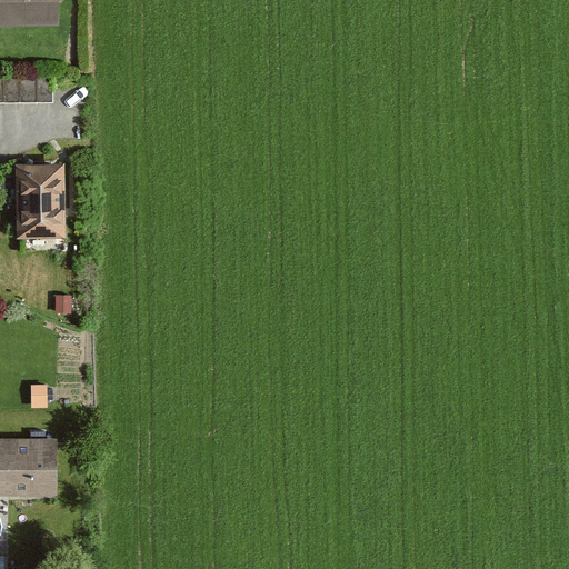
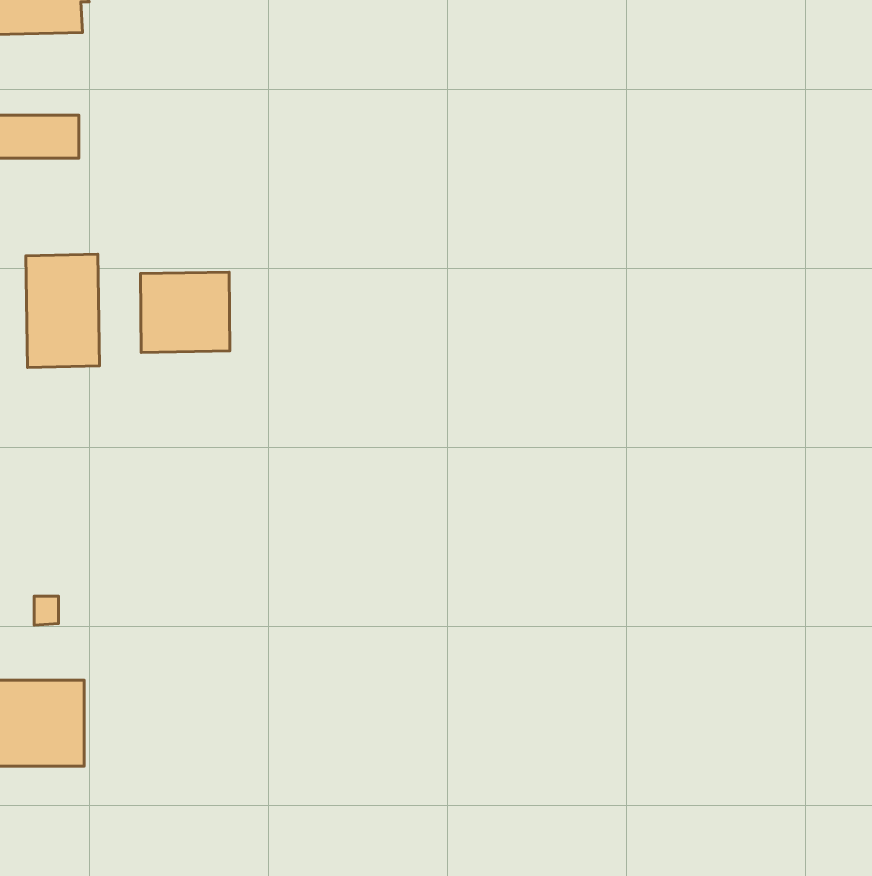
building: none -> [140,272,230,352]

